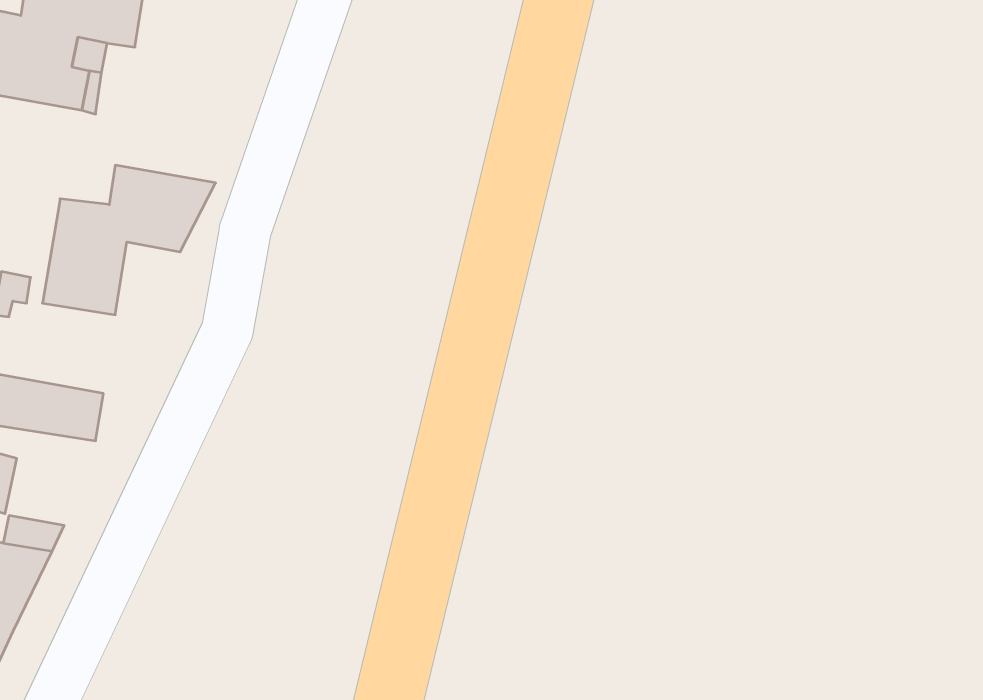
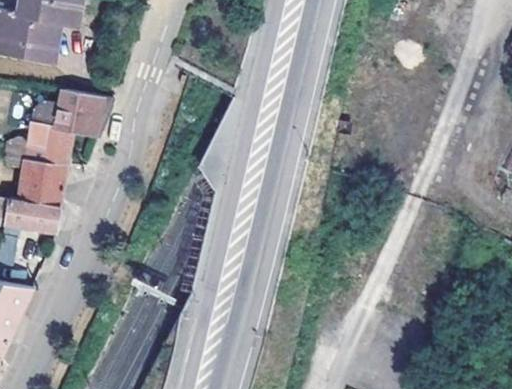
building: none -> [20,161,64,207]

